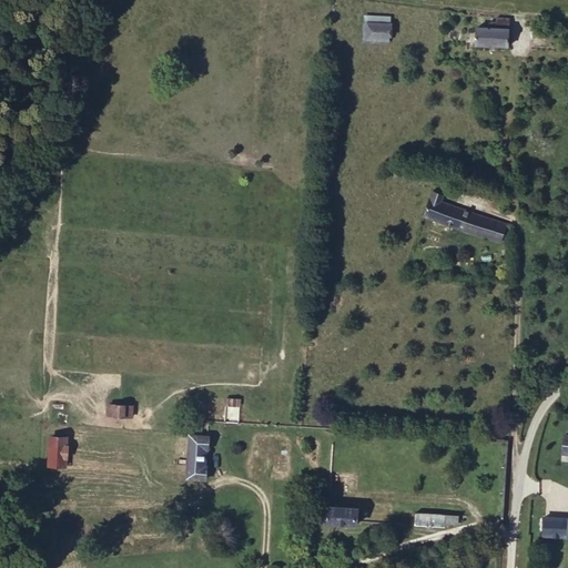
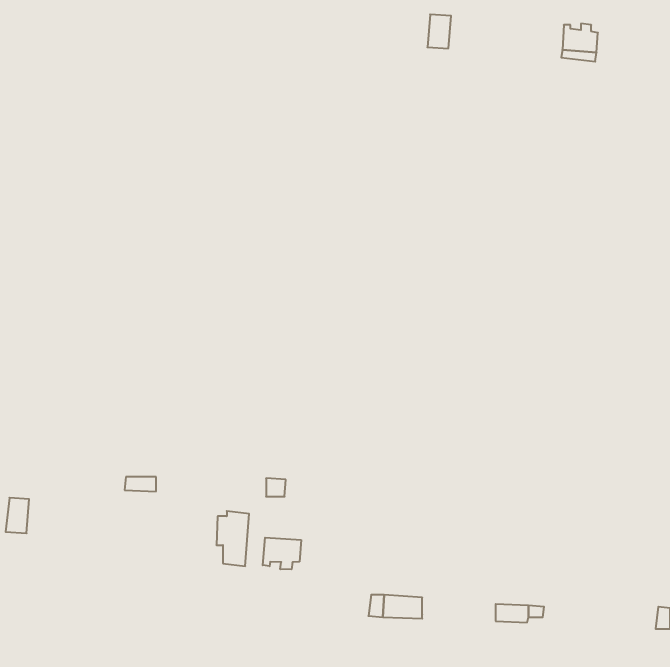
building: [424,191,506,242] -> none
building: [48,436,68,466] -> [6,498,29,533]
building: none -> [263,538,301,569]

